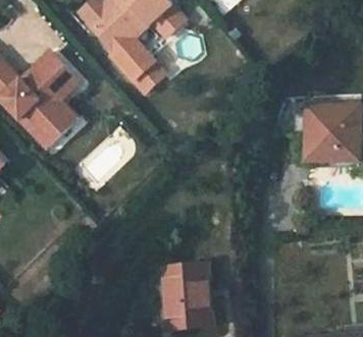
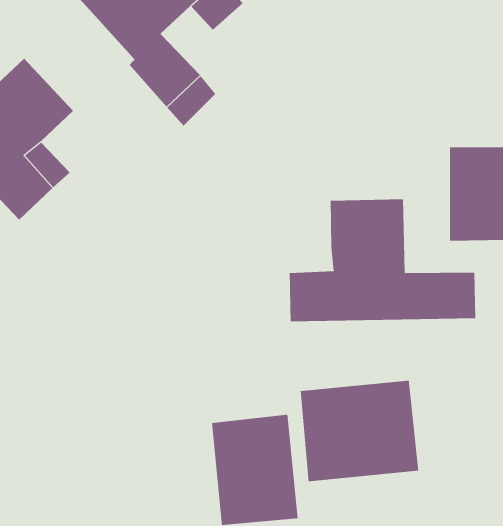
building: none -> [289,198,476,322]
building: none -> [300,380,419,482]

